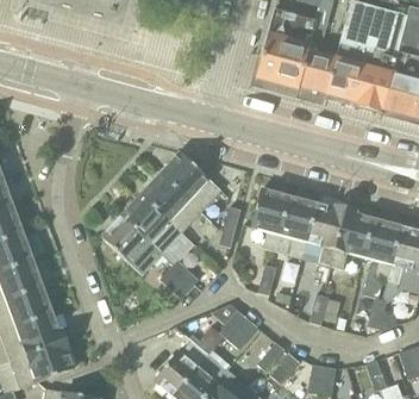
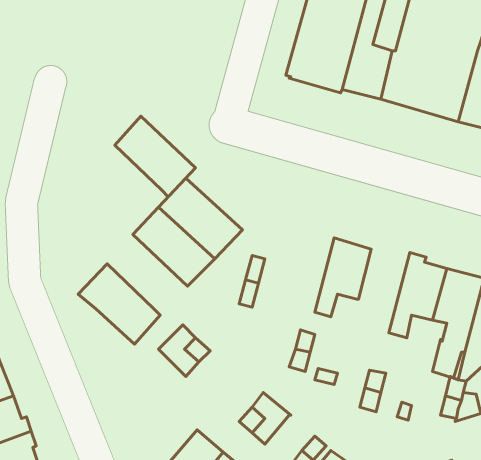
building: [252,188,290,250] -> none
building: [123,193,182,253] -> [115,116,196,197]
building: [302,204,346,266] -> none

